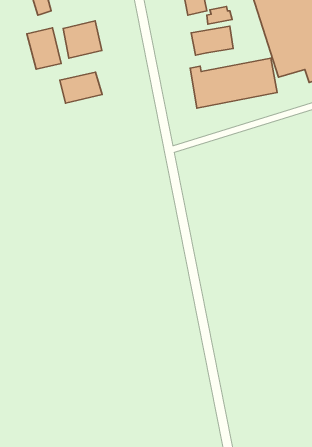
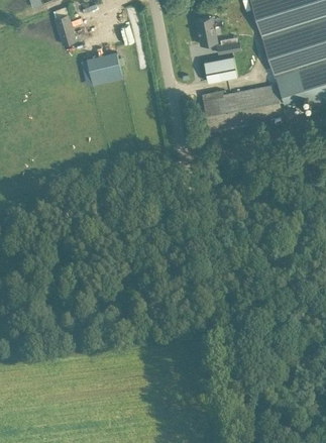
building: [27,28,61,69] -> none
building: [60,72,102,103] -> none

